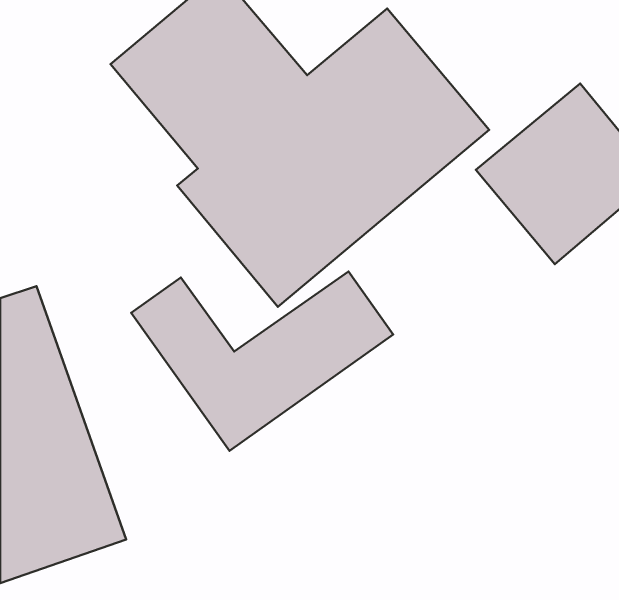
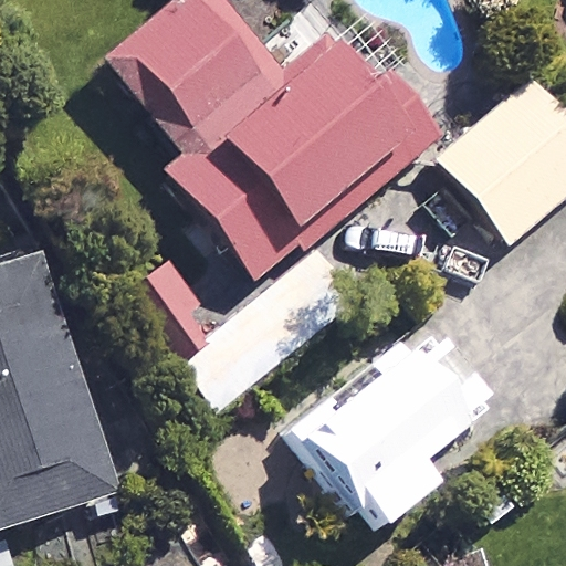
building: none -> [292,322,492,536]

